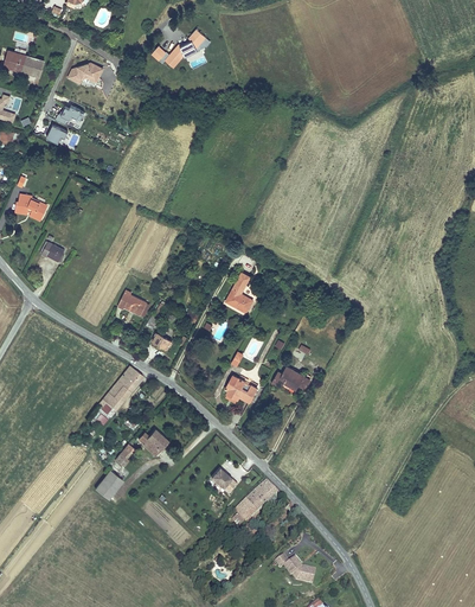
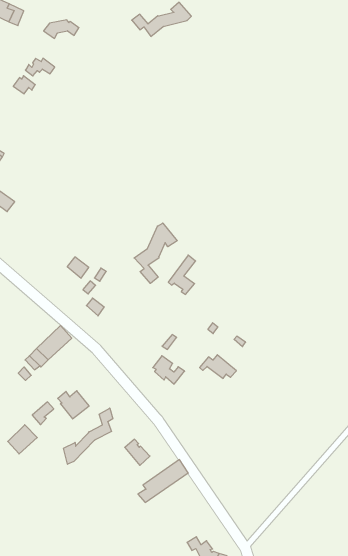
building: none -> [134,223,177,283]
building: none -> [63,408,113,464]

